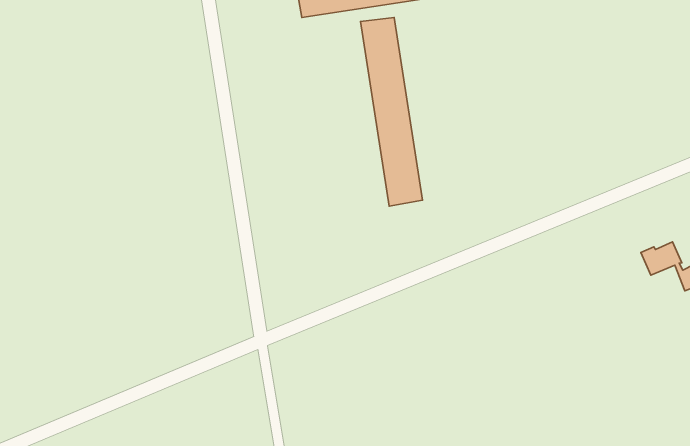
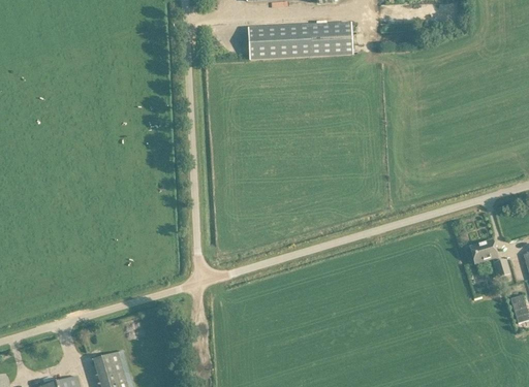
building: [361,17,422,206] -> none

